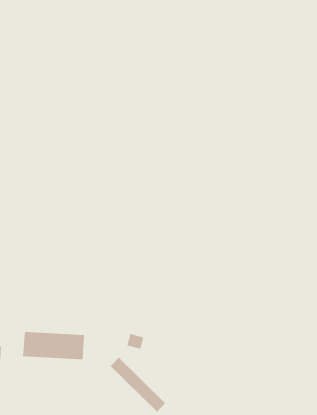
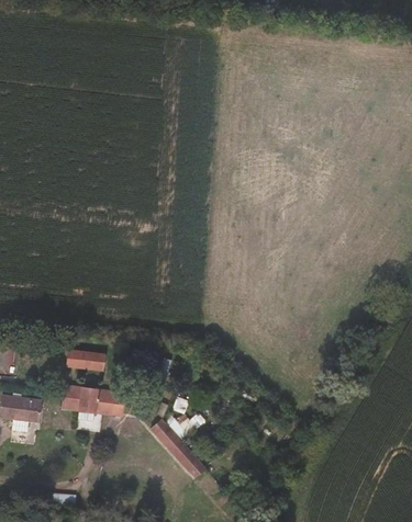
building: none -> [67,349,109,373]

